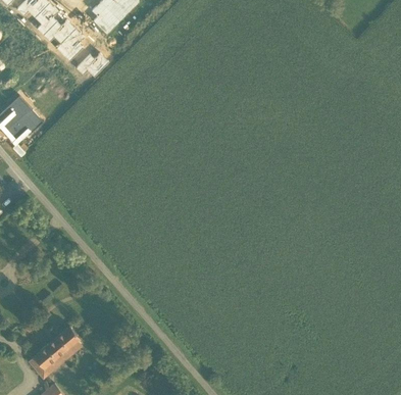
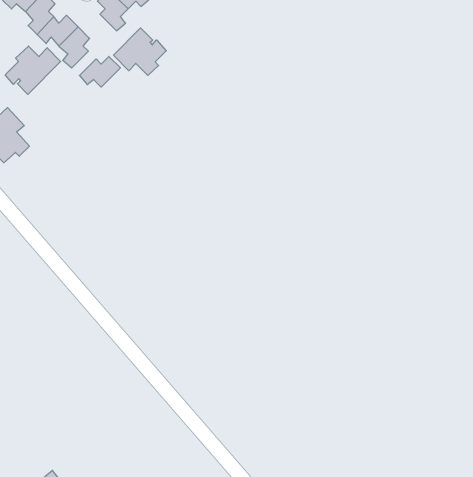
building: none -> [114,28,166,75]
building: none -> [5,46,61,94]
building: [28,325,81,377] -> none

